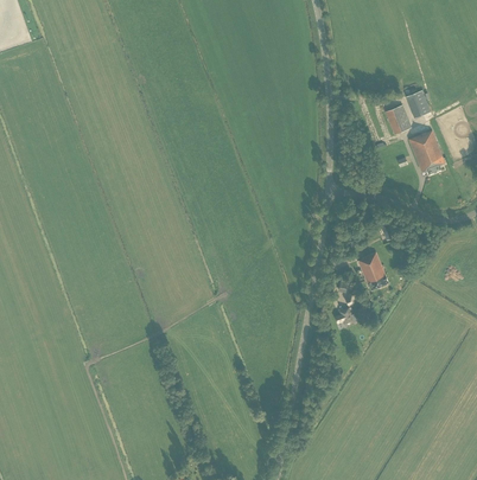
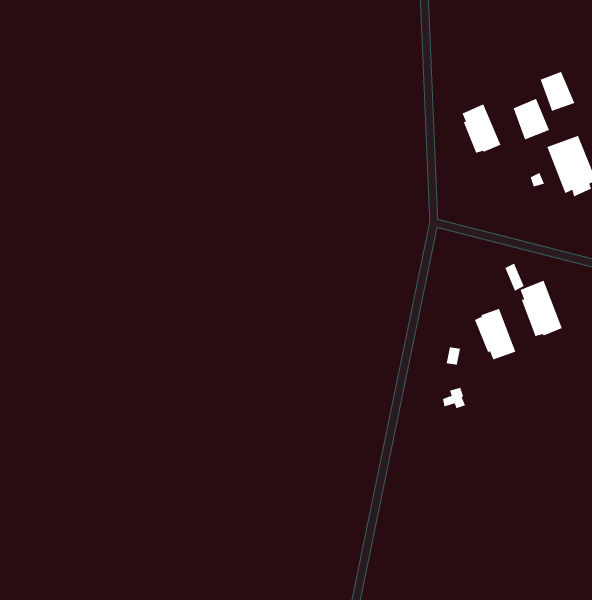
building: none -> [462,103,501,154]
building: none -> [520,280,563,337]

